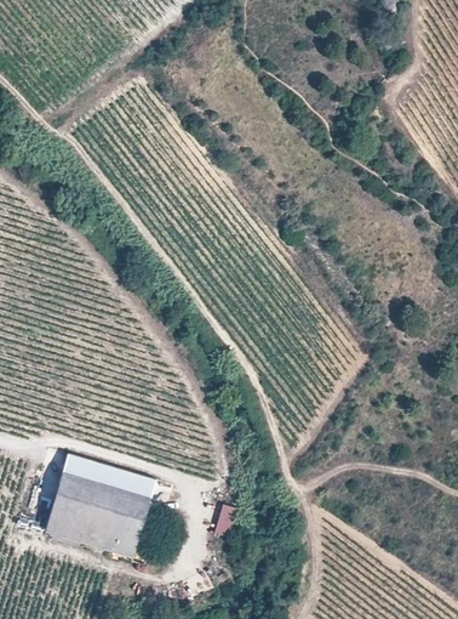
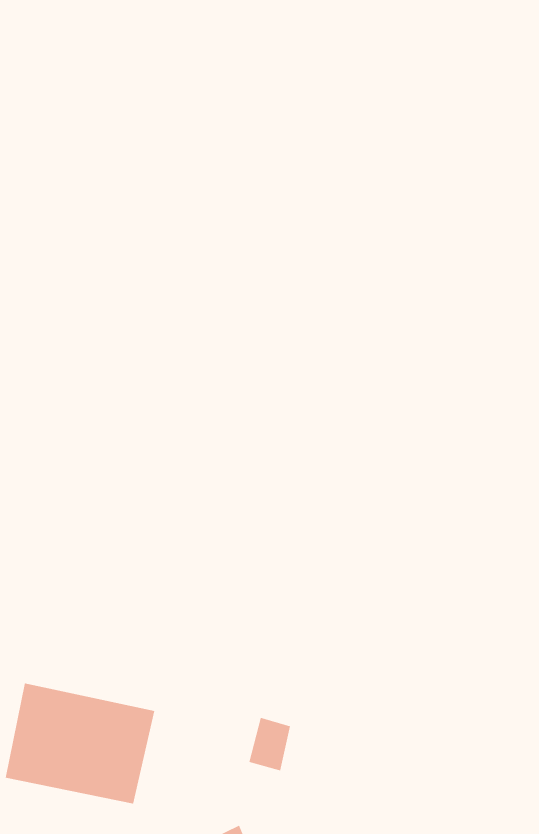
building: [62,454,154,494] -> none

